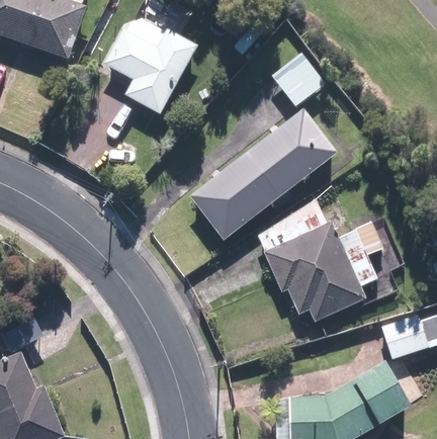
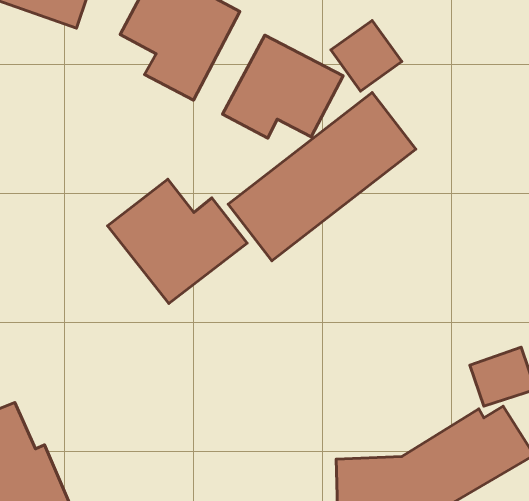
building: none -> [223,35,343,138]
building: none -> [108,179,247,303]
building: [256,196,395,322] -> none

